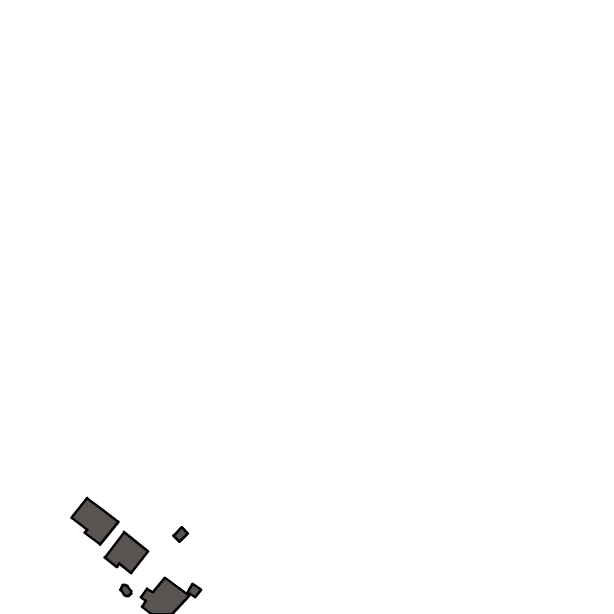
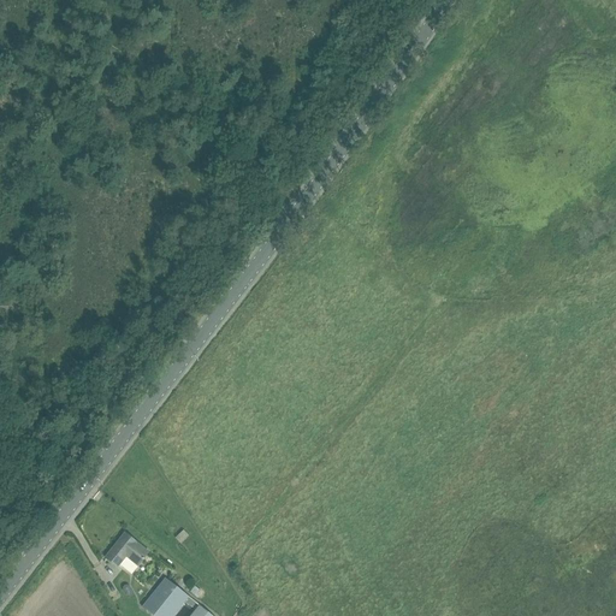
building: [72,498,118,545] -> none

